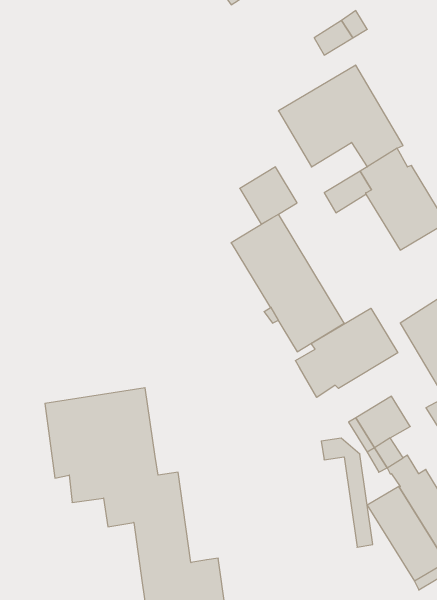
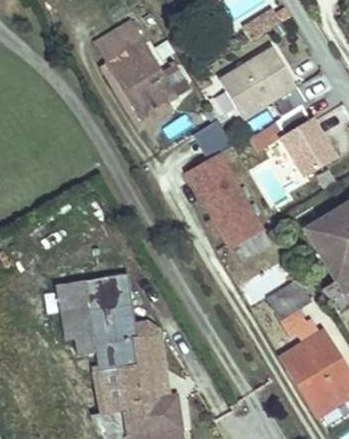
building: none -> [96,20,176,118]
building: [295,308,398,397] -> none
building: [321,438,373,547] -> [133,319,169,395]
building: none -> [96,367,124,413]

